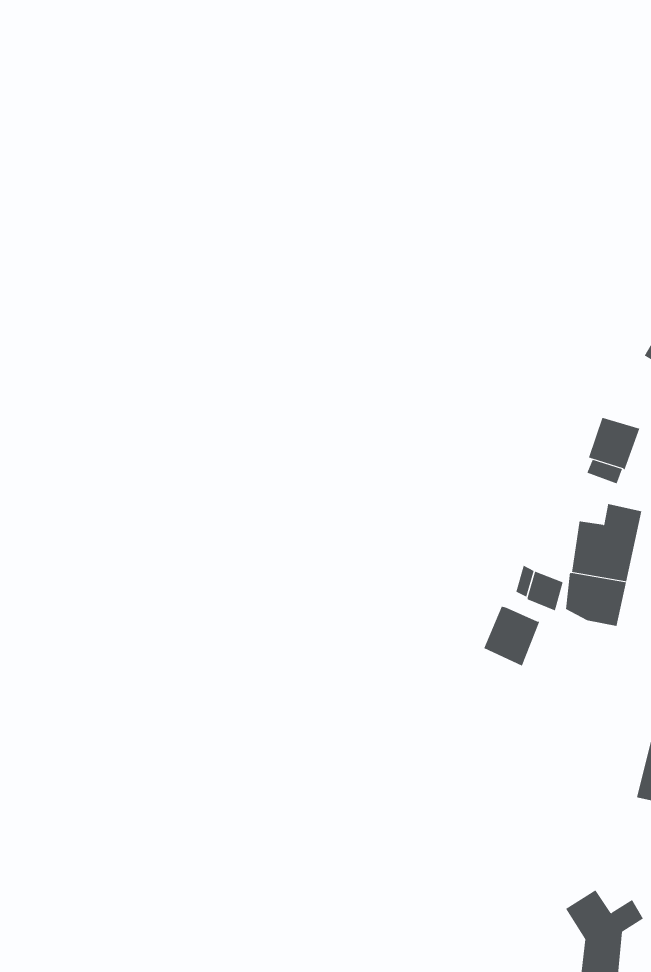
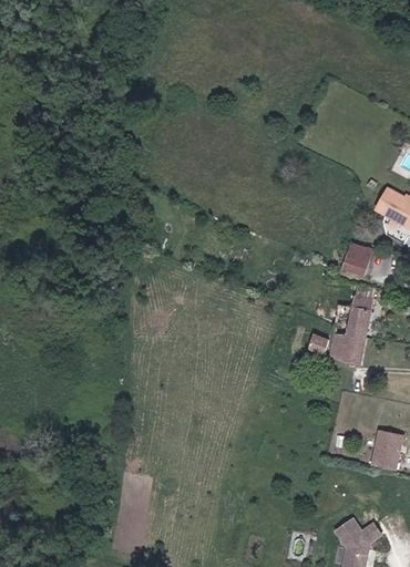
building: [483,606,540,666] -> none

